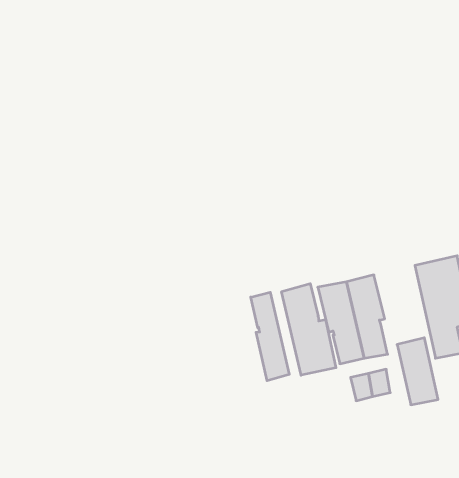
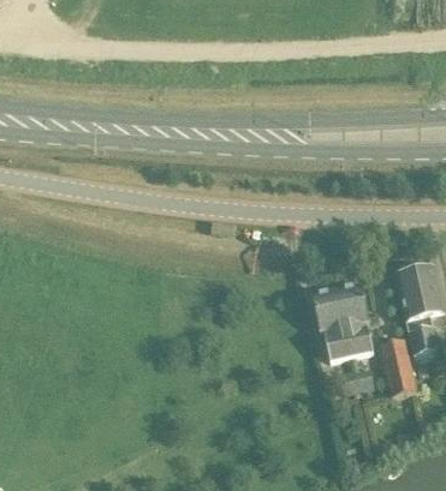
building: [282,284,336,375] -> none
building: [251,292,289,381] -> none

